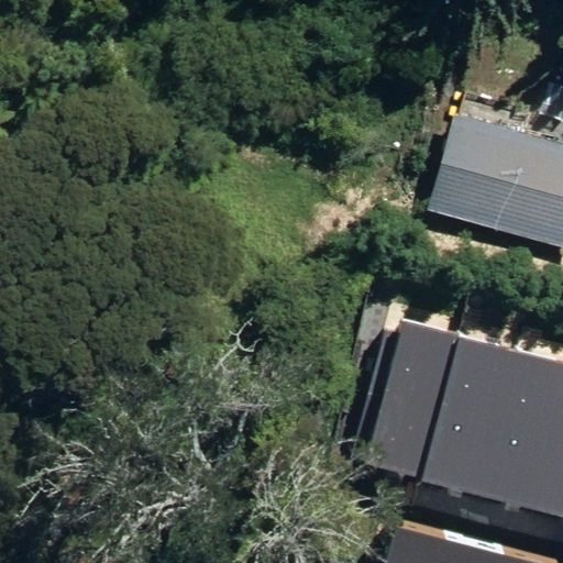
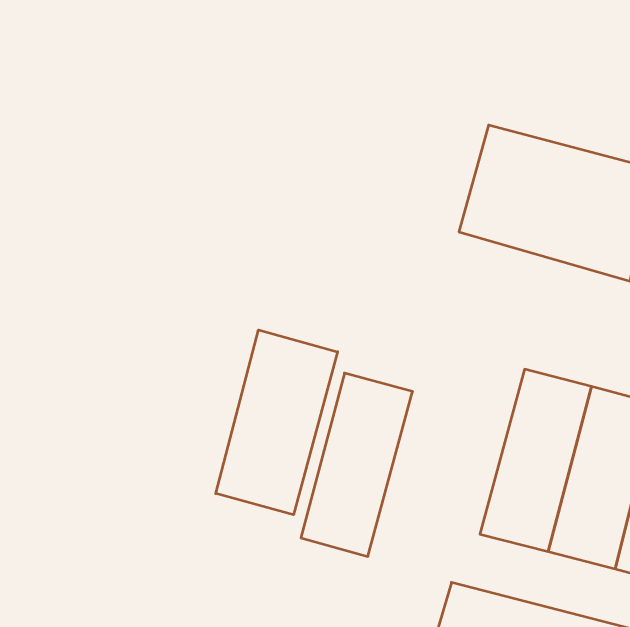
building: none -> [216,330,338,515]
building: [369,317,468,479] -> [301,373,413,556]

